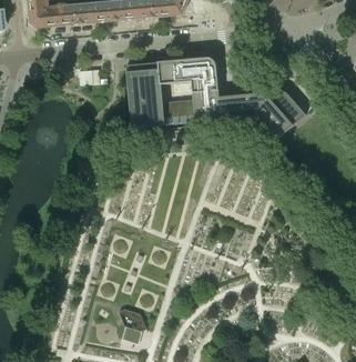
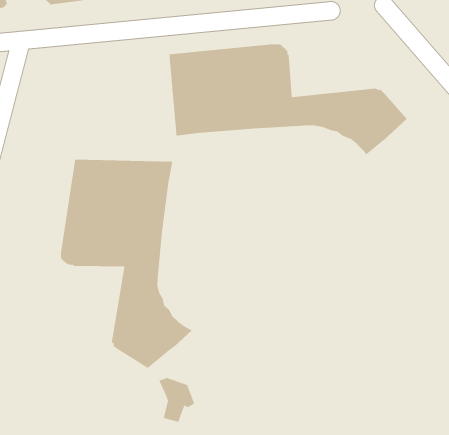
building: none -> [60,159,193,369]

